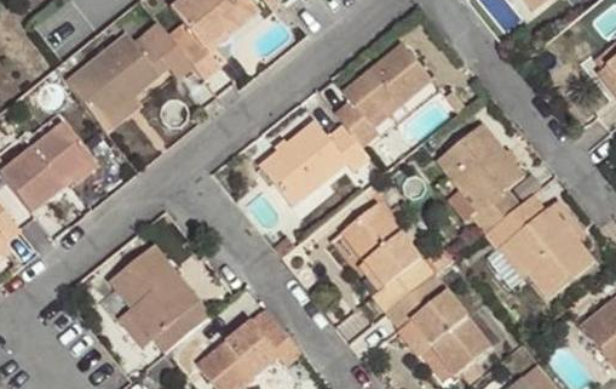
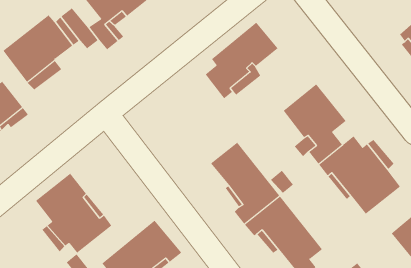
building: [259,119,370,205] -> none

